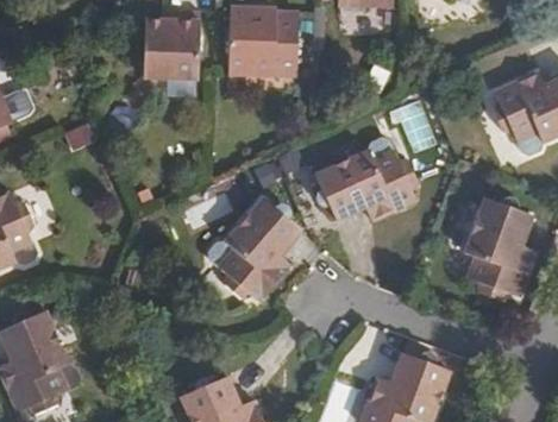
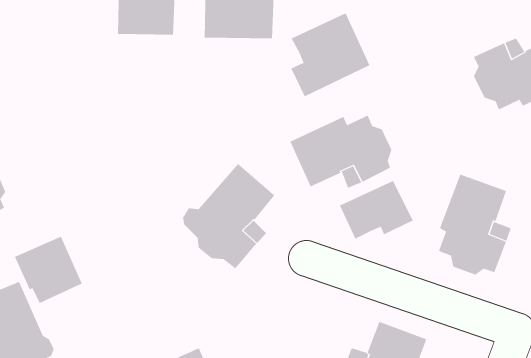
building: none -> [290,13,370,97]
building: none -> [339,180,413,240]
building: none -> [14,236,82,304]

